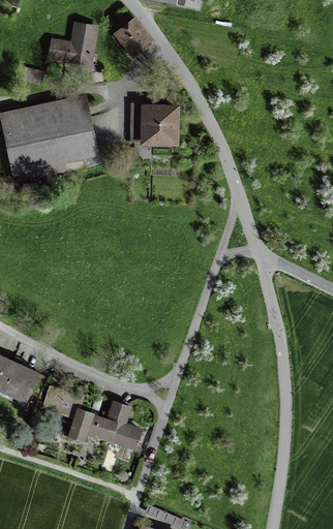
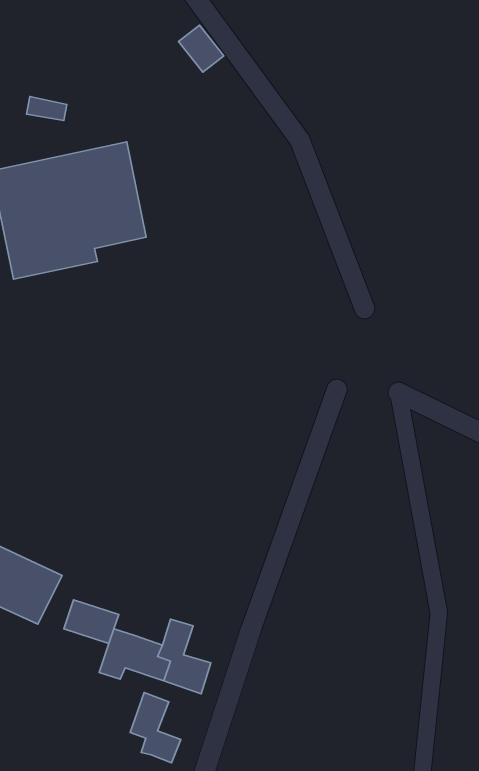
building: [50,24,99,68] -> none
building: [140,103,177,143] -> none
building: none -> [130,692,181,763]

